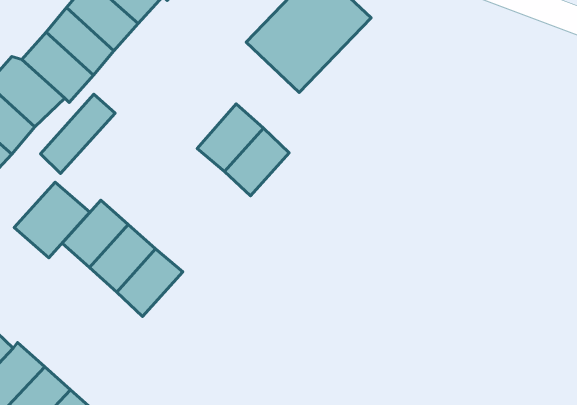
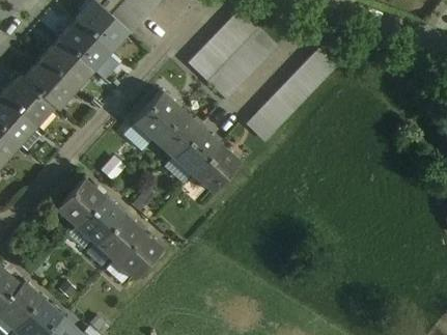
building: none -> [257,49,337,131]
building: none -> [133,90,180,140]
building: [41,94,115,173] -> none
building: none -> [191,143,240,192]
building: [14,182,90,258] -> none
building: none -> [113,229,162,279]

